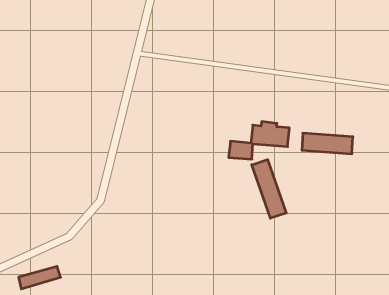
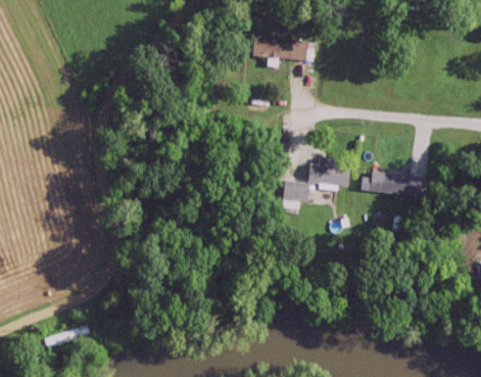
building: none -> [251,38,316,60]
building: [252,160,286,218] -> none

